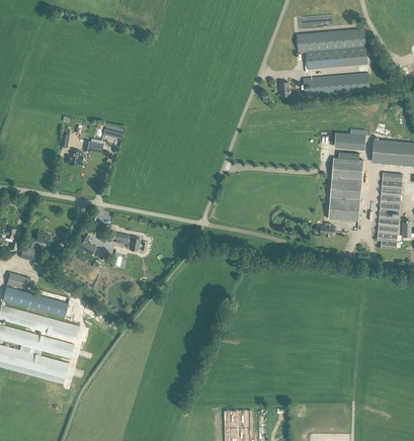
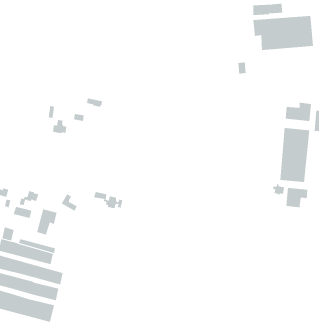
building: [303,73,369,96] -> none
building: none -> [286,187,308,208]
building: none -> [36,208,57,235]

